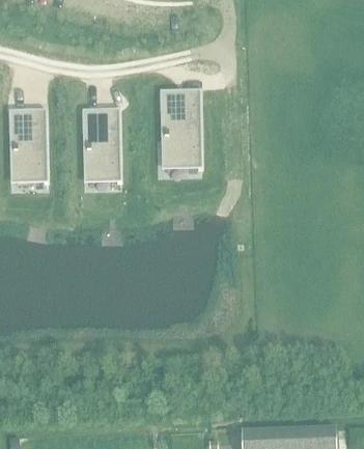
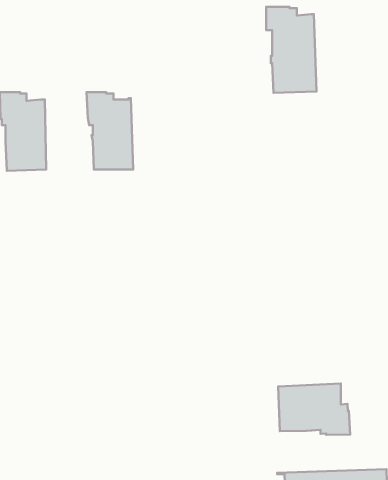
building: [159,91,201,164] -> [266,7,316,93]
building: none -> [278,383,350,435]

